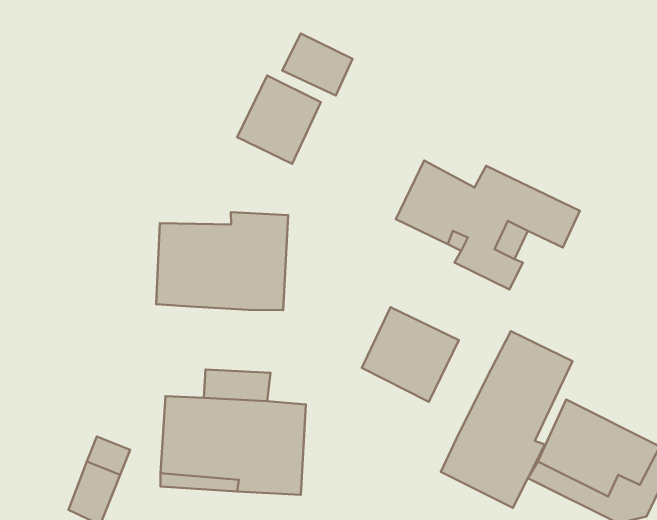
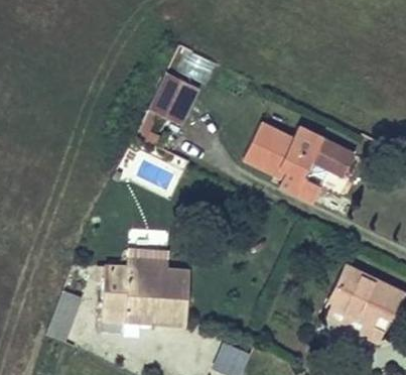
building: [156,212,288,310] -> none
building: [362,307,459,402] -> none
building: [441,331,572,508] -> none

